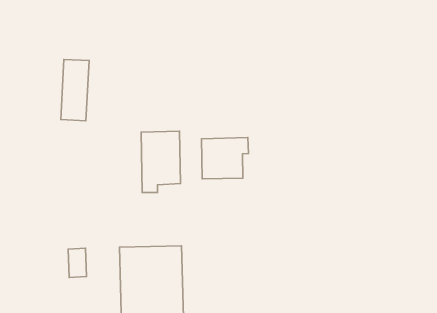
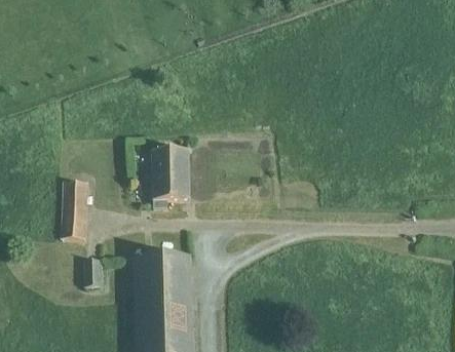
building: [61,59,89,121] -> [61,181,87,238]
building: [202,138,249,179] -> none

